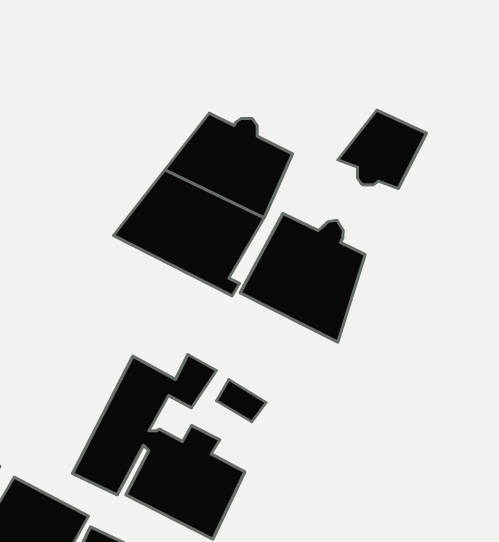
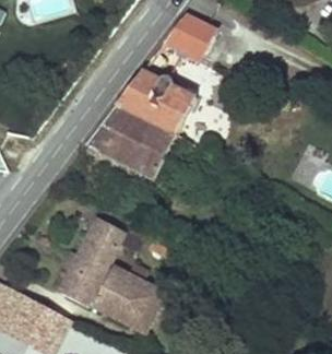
building: [338,110,427,188] -> [162,14,216,62]
building: [240,214,365,342] -> none

